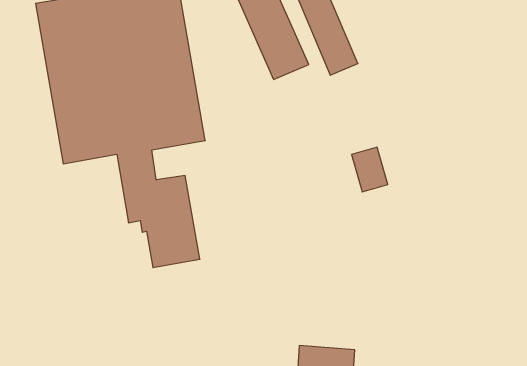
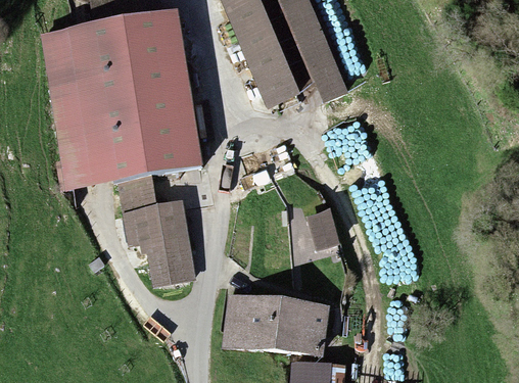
building: [352,147,388,192] -> [304,206,339,249]
building: none -> [222,293,329,355]

